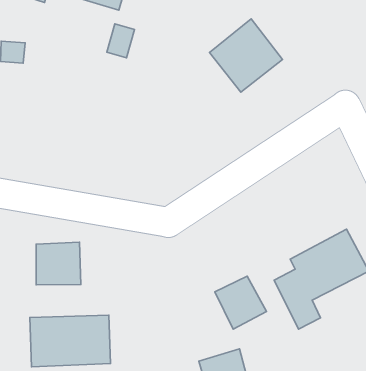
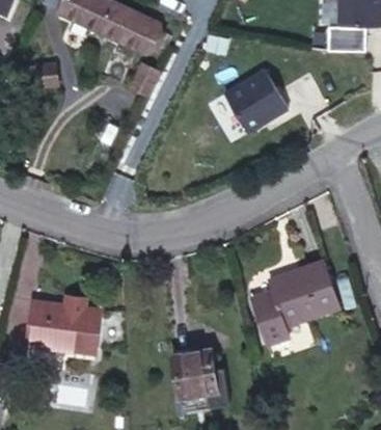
building: [36,242,81,285] -> none
building: [215,276,266,329] -> none

